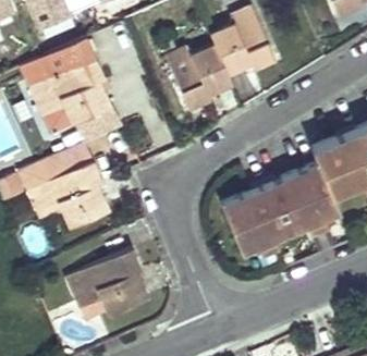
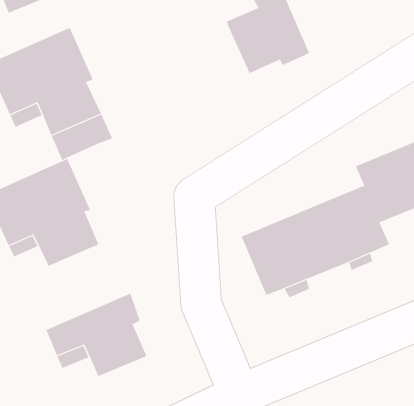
building: [163,45,230,110] -> none

